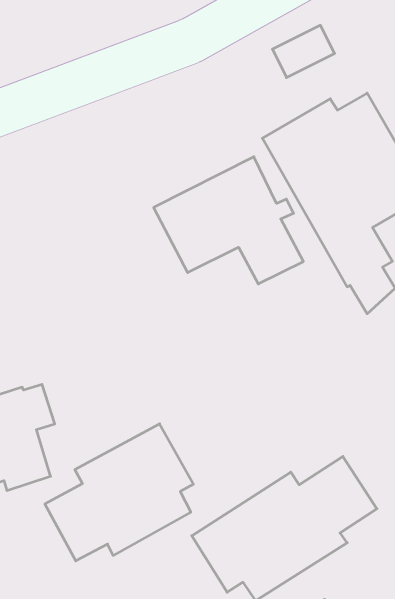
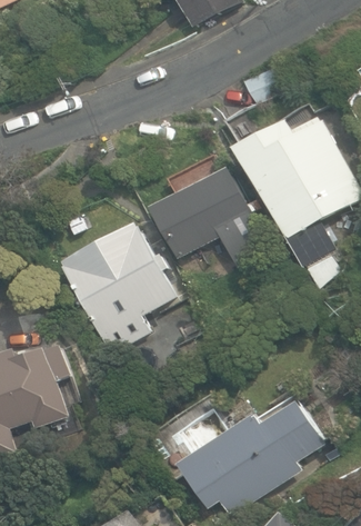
building: none -> [59,220,177,351]
building: [45,424,193,561] -> none

